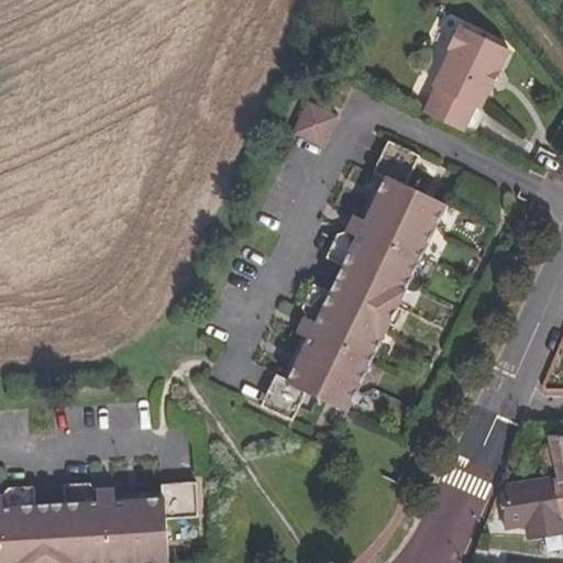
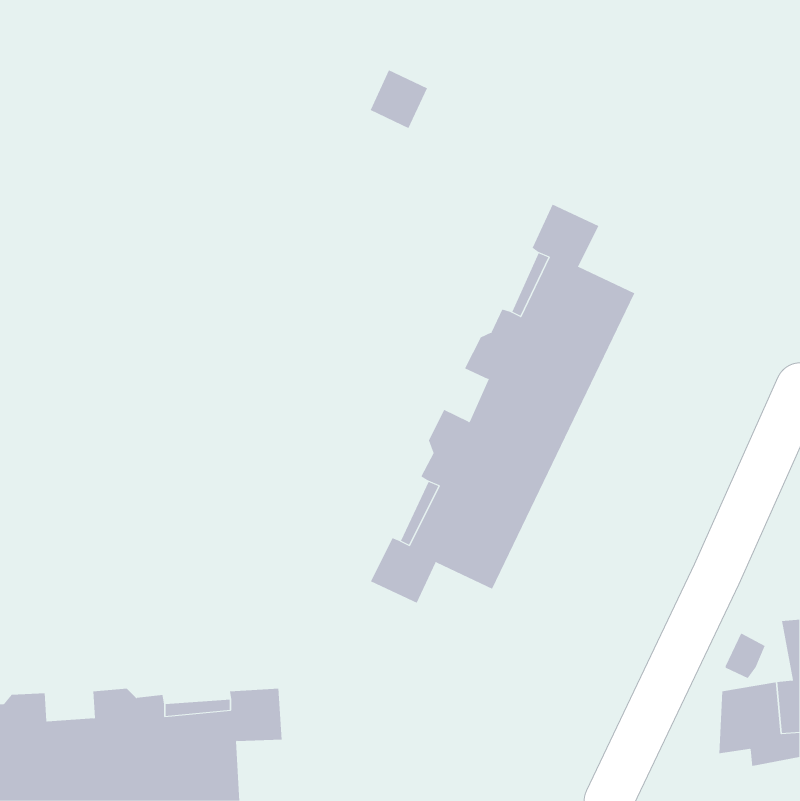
building: [423,27,507,131] -> none
building: [295,103,335,145] -> [370,69,428,129]

